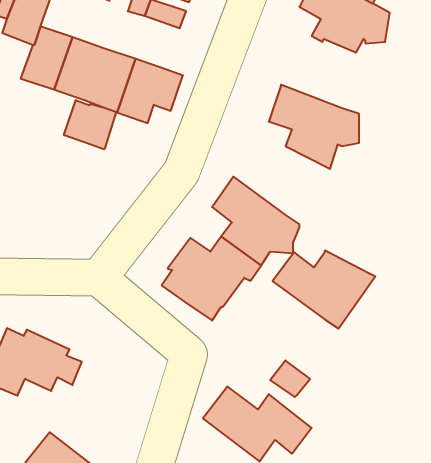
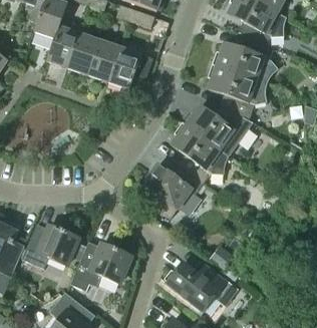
building: none -> [216,34,278,83]
building: [64,100,116,149] -> none
building: [273,251,375,329] -> [185,104,252,155]
building: none -> [69,241,129,290]

